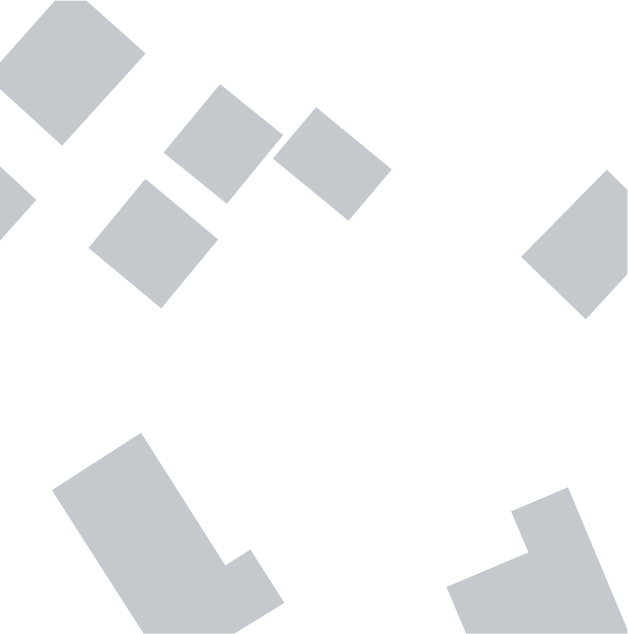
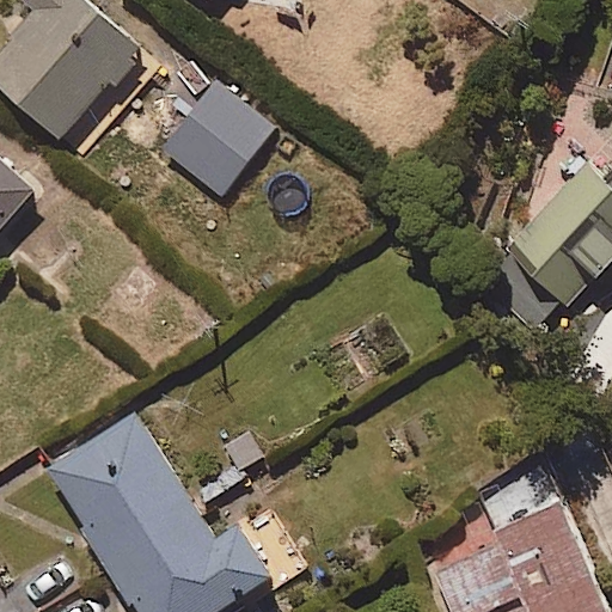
building: [272,106,393,222] -> none
building: [88,178,219,310] -> none

